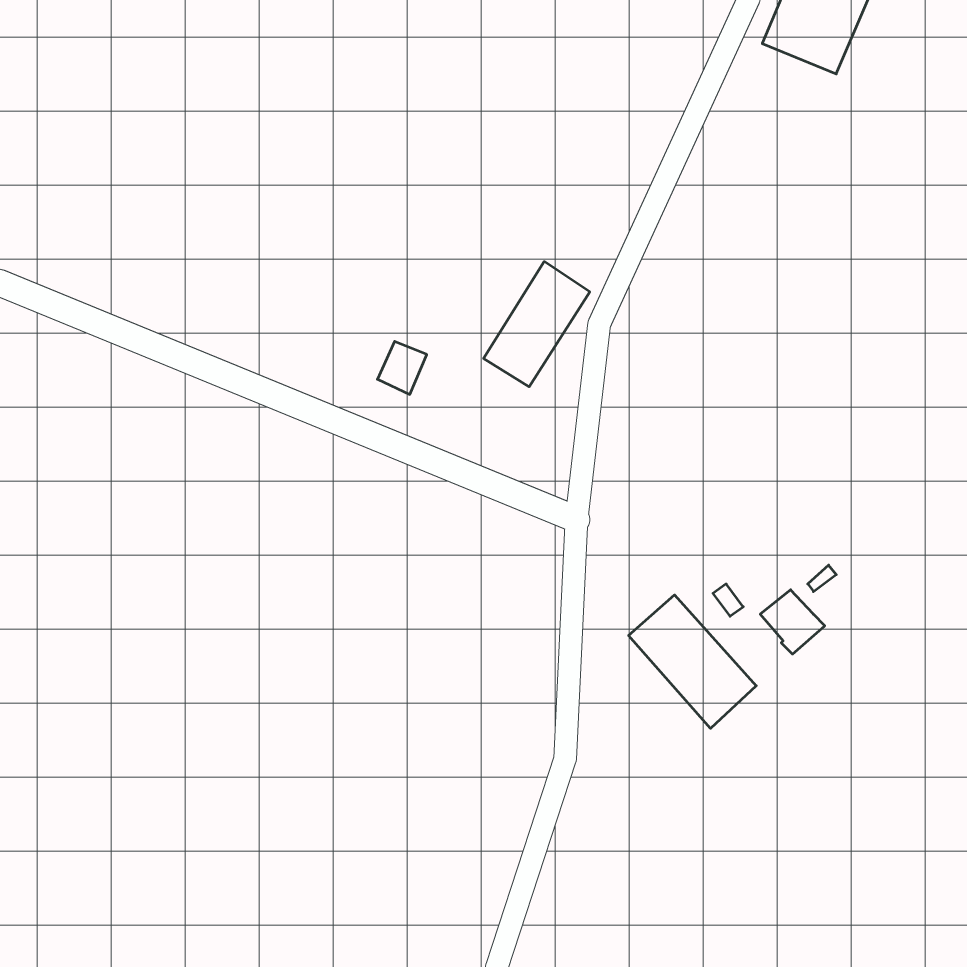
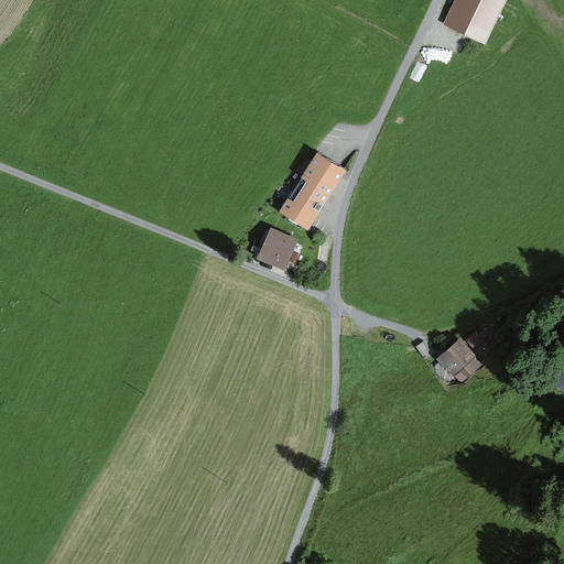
building: [377,341,427,394] -> [262,231,291,262]
building: [629,595,756,728] -> none

